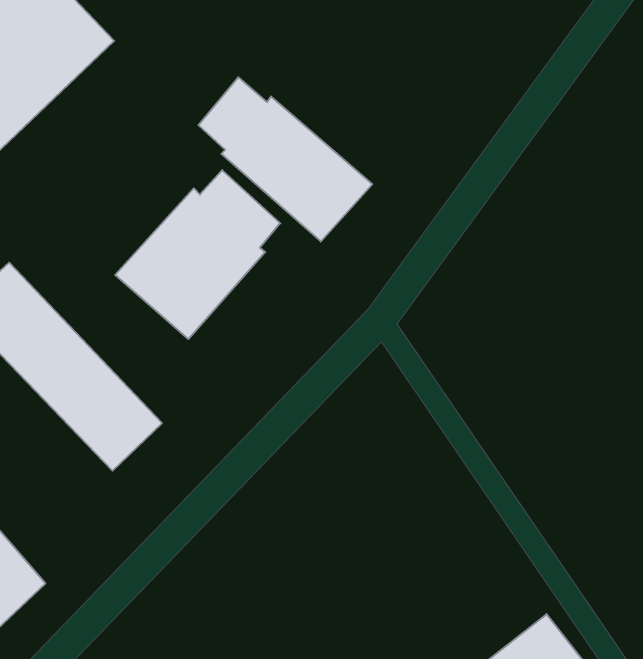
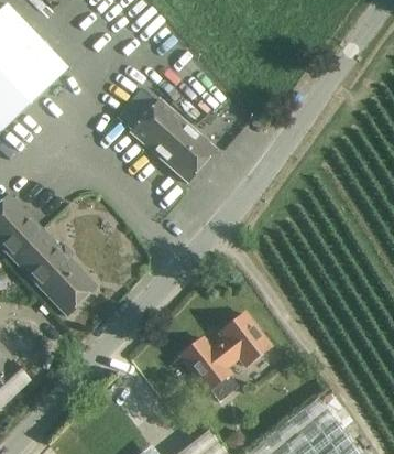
building: [115,170,280,339] -> none
building: none -> [182,314,270,402]

